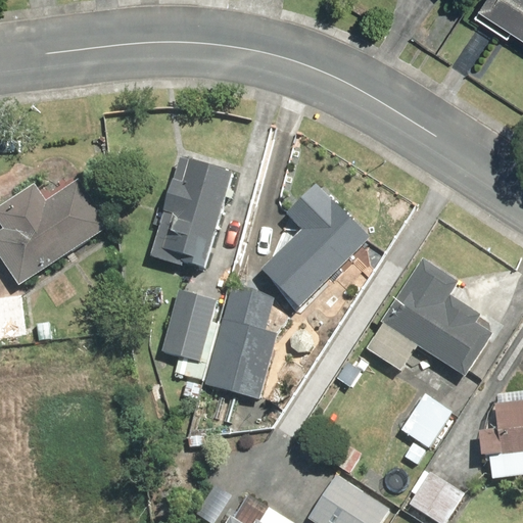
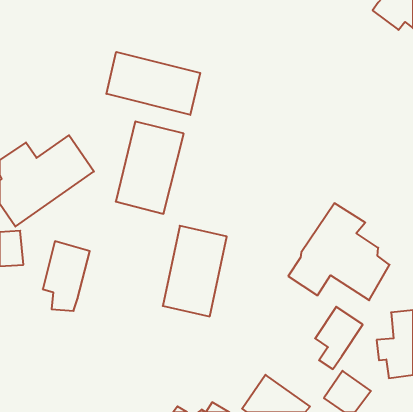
building: none -> [106,52,200,115]
building: [257,181,376,311] -> none
building: [161,291,221,379] -> [43,241,90,311]

